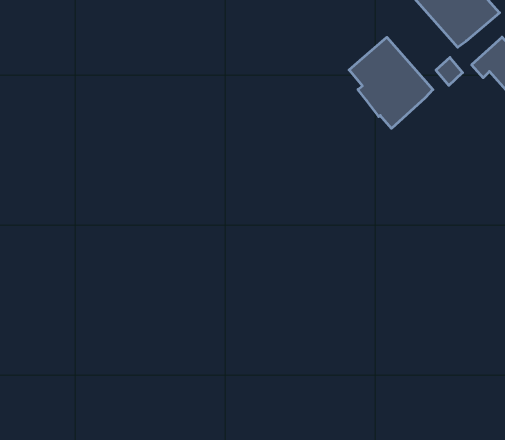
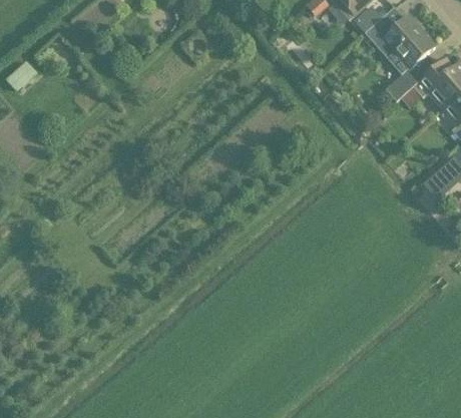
building: [349,37,433,128] -> none

